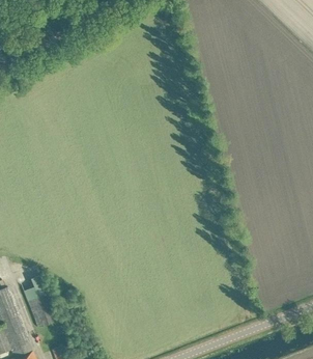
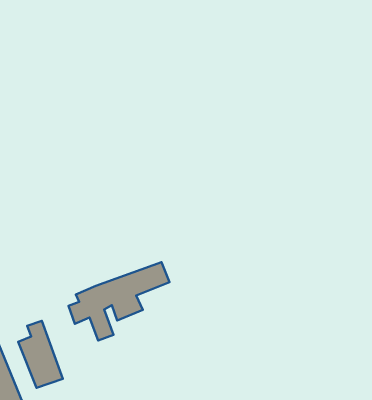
building: none -> [68,262,169,340]

